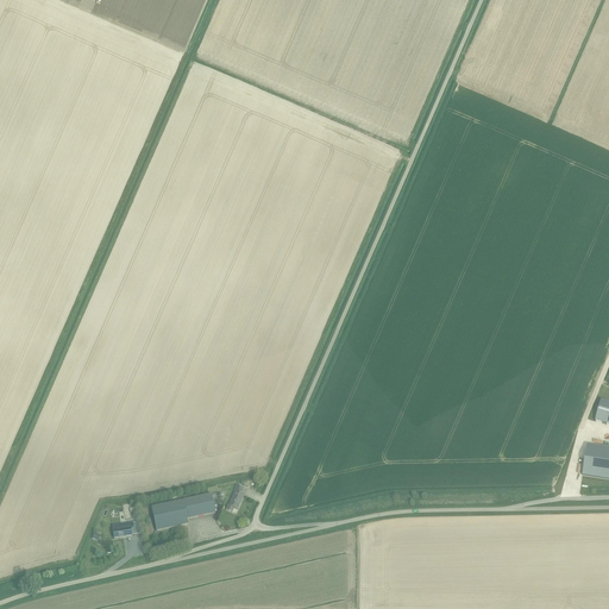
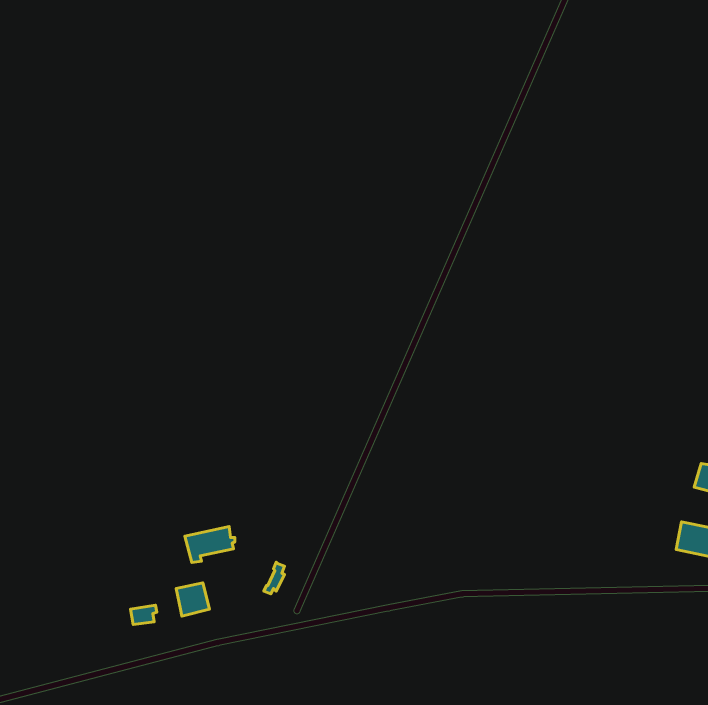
building: [175,491,218,522] -> [185,527,235,563]

